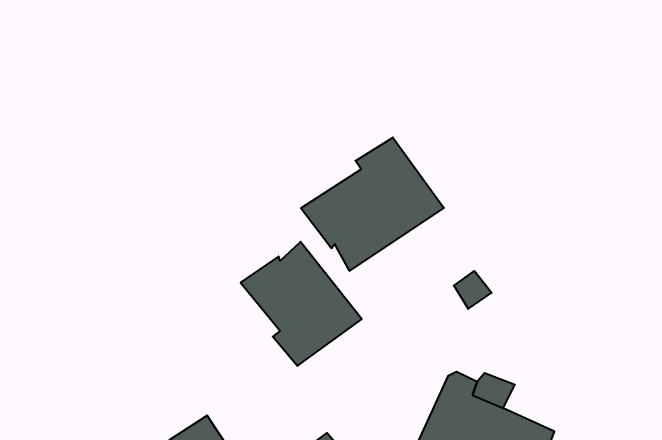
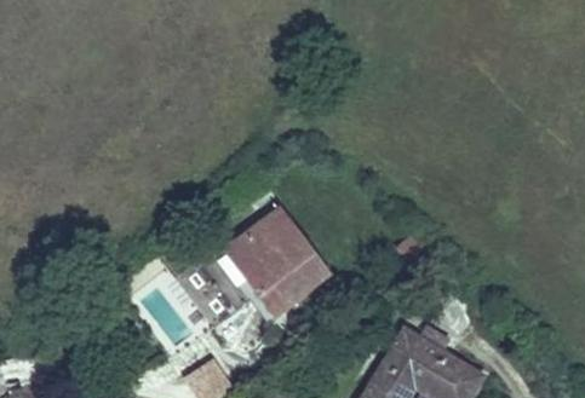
building: [301,137,444,271] -> none

